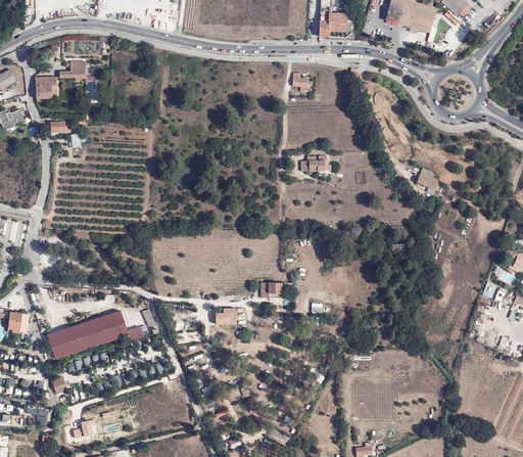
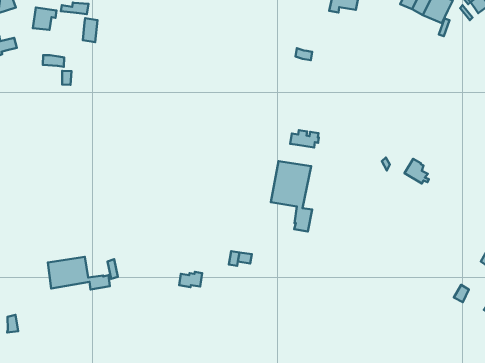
building: none -> [271,161,312,231]
building: [48,322,93,359] -> none

